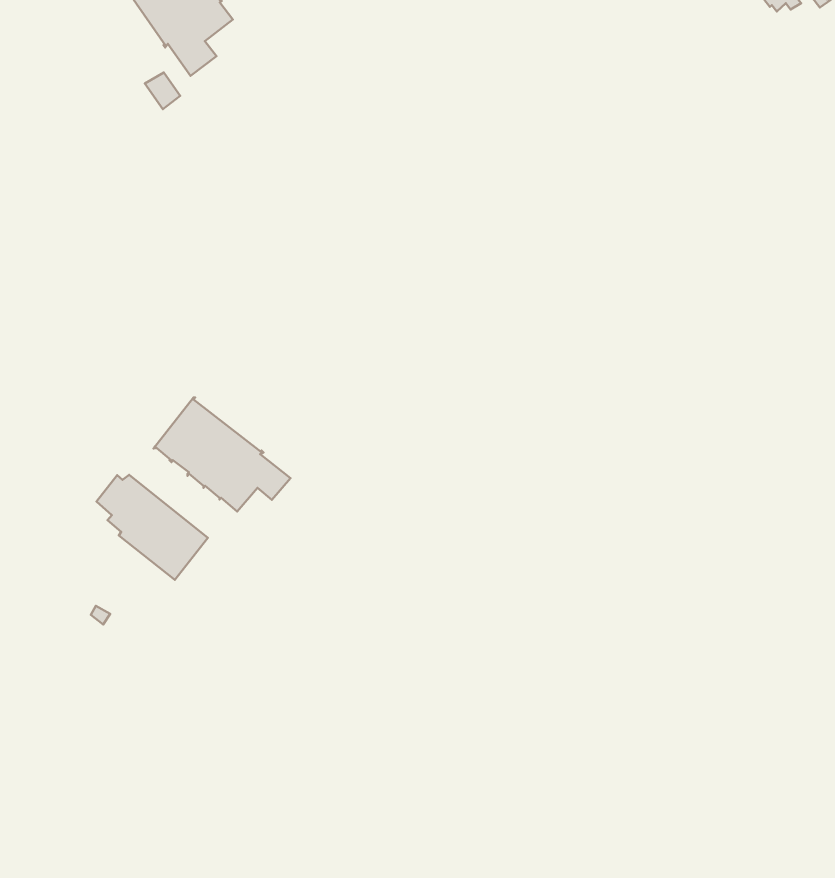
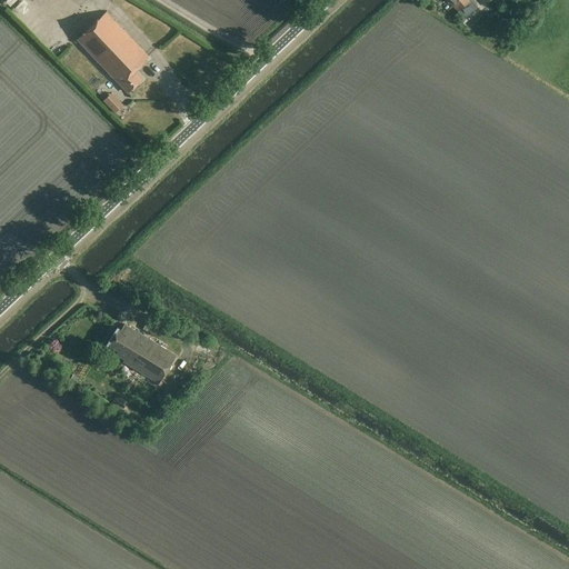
building: [153,398,290,512] -> none

